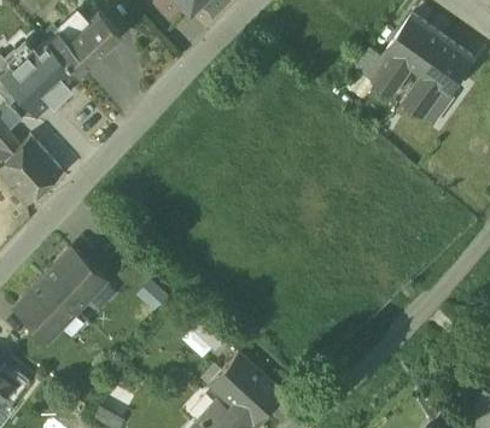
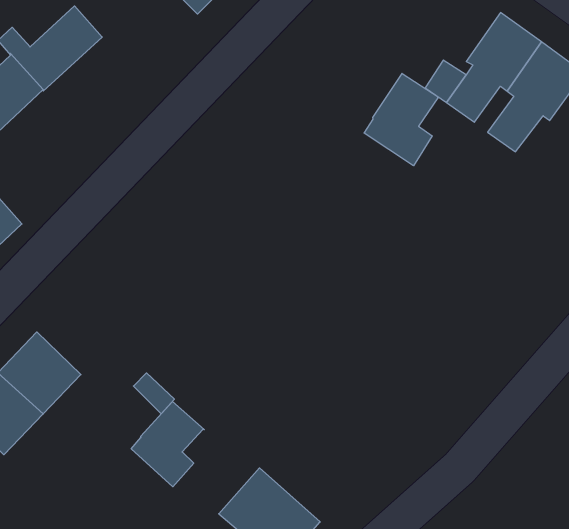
building: none -> [364,73,439,166]
building: none -> [131,401,204,487]

